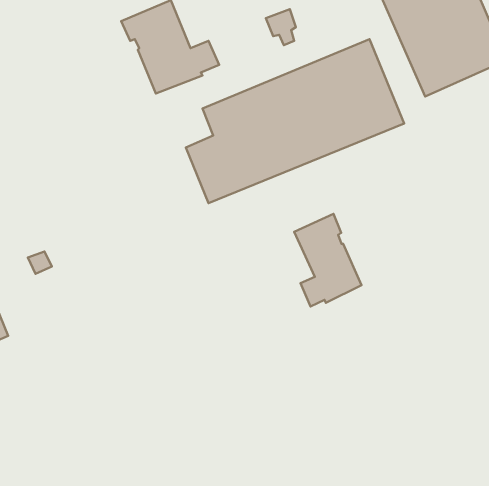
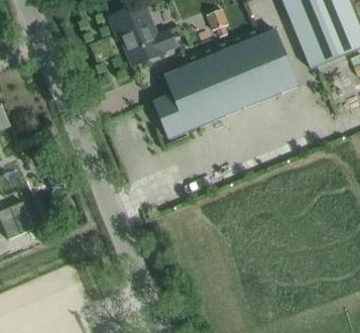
building: [294,214,362,306] -> none

